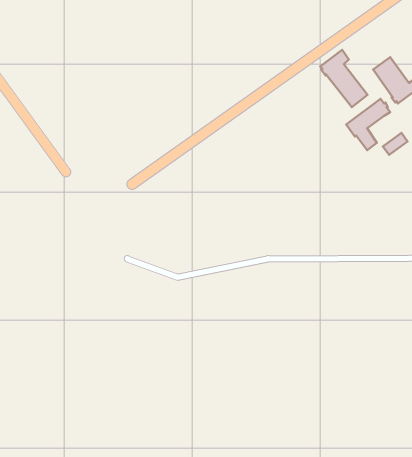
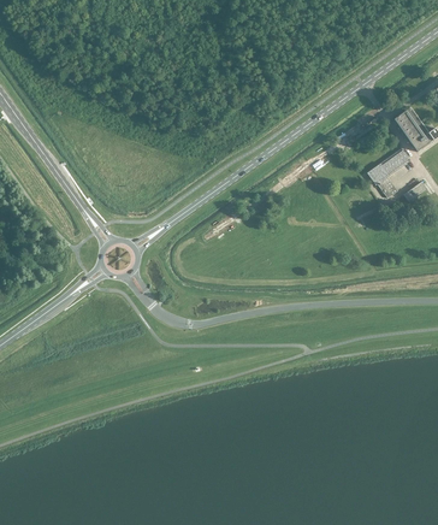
building: [320,50,367,107] -> none

